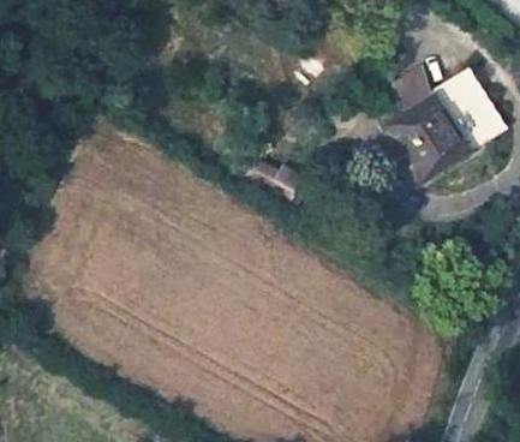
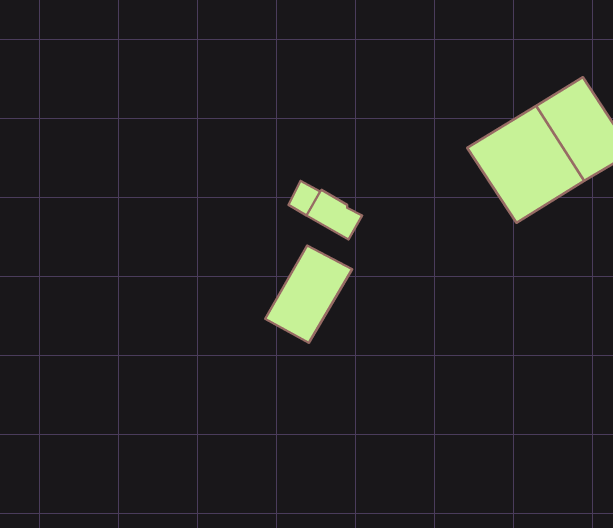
building: none -> [265,245,352,343]

